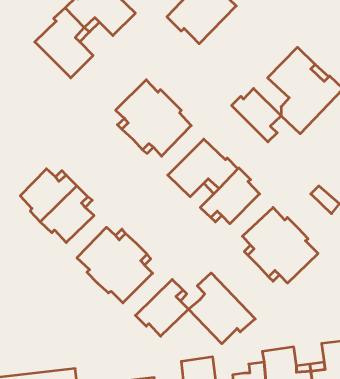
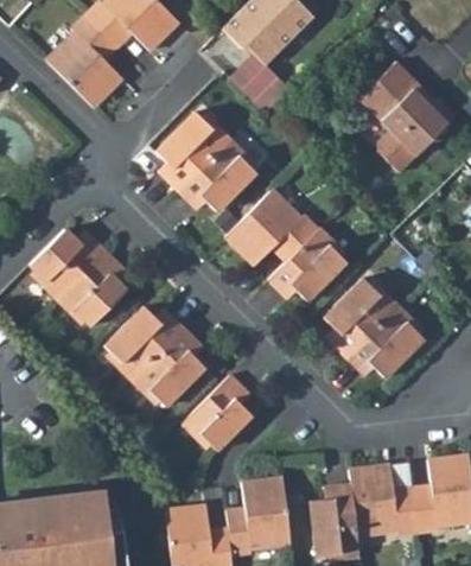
building: none -> [230,53,292,113]
building: [232,88,281,142] -> none
building: [189,273,255,344] -> none

